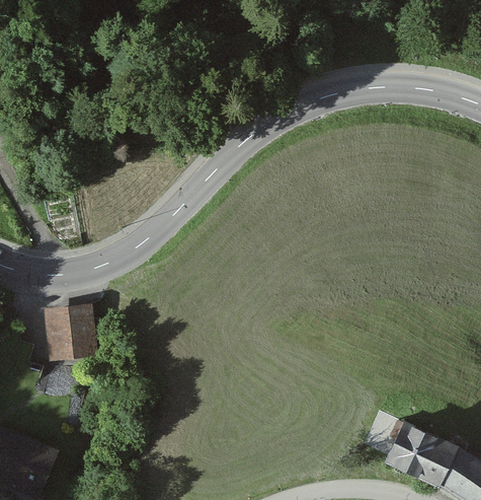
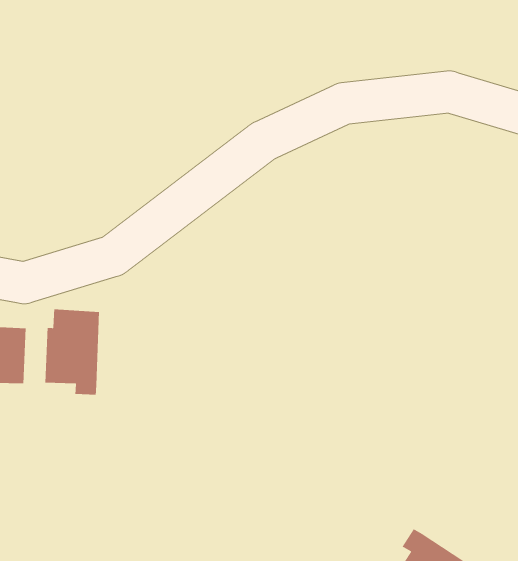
building: none -> [44,308,100,395]

